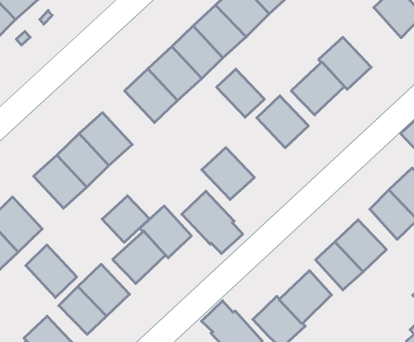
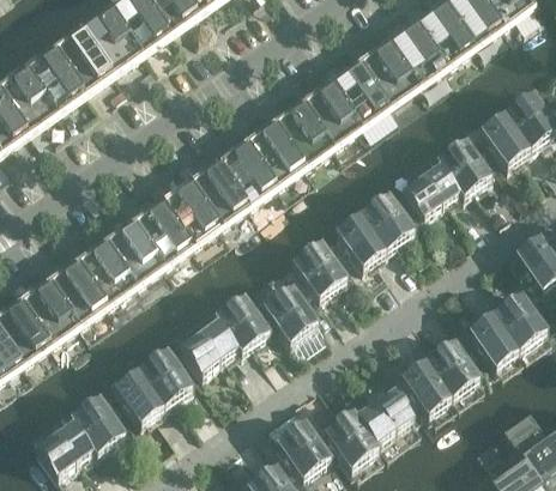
building: none -> [481,109,530,163]
building: [217,69,264,117] -> [336,211,386,265]
building: none -> [192,160,247,220]
building: [102,196,150,242] -> none
building: [26,245,77,298] -> [80,240,134,298]

